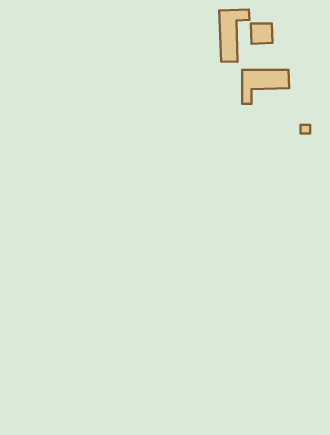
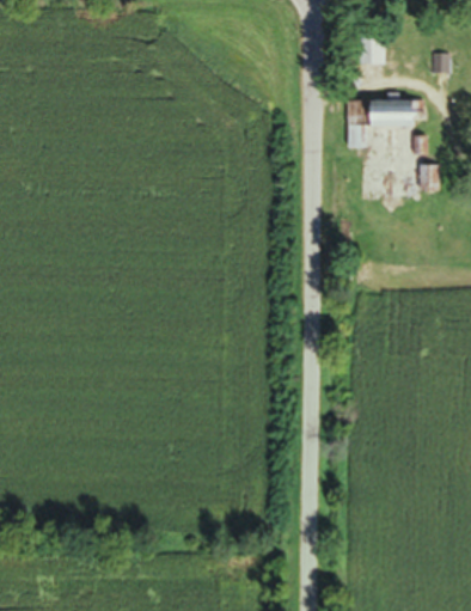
building: [219,9,249,62] -> none

